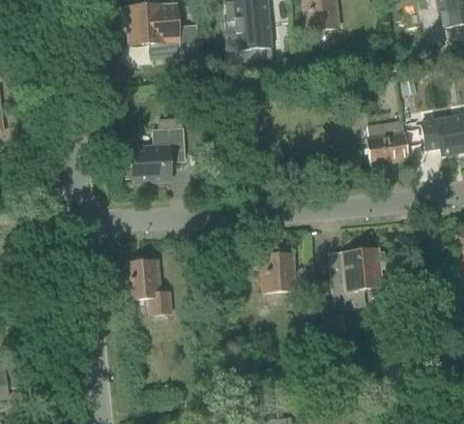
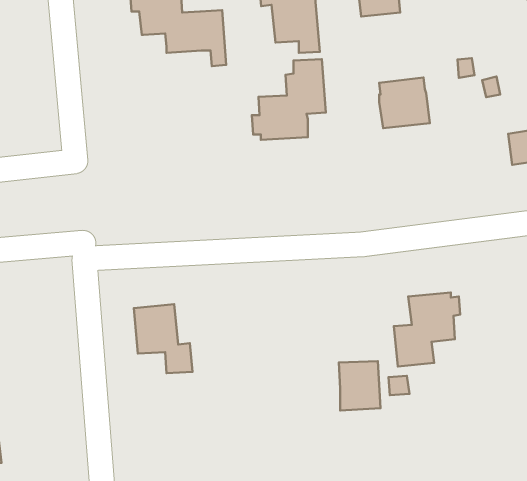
building: [126,118,185,182] -> [252,59,326,140]
building: [368,121,408,161] -> [379,78,430,128]
building: [262,252,295,292] -> [339,361,380,411]

